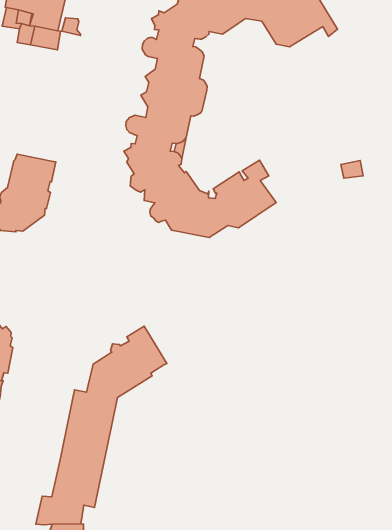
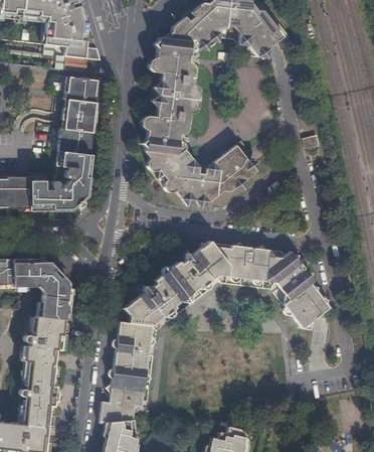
building: none -> [57,77,98,154]
building: none -> [166,240,329,330]

